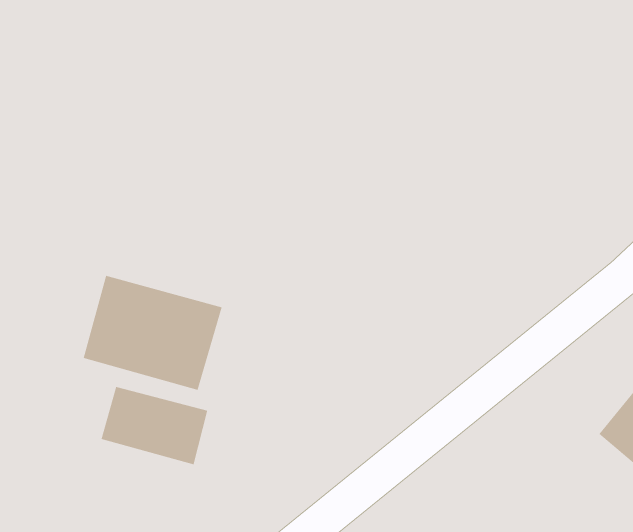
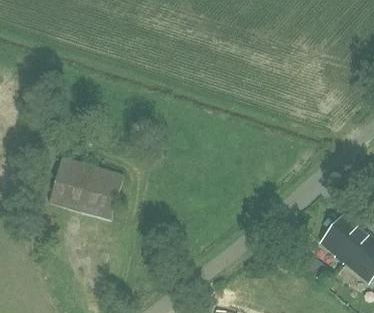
building: [101,386,208,465] -> none

